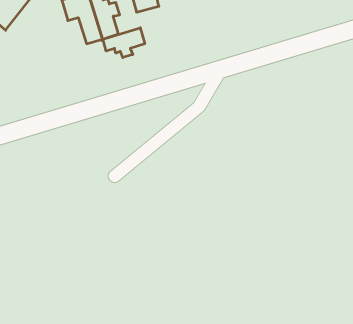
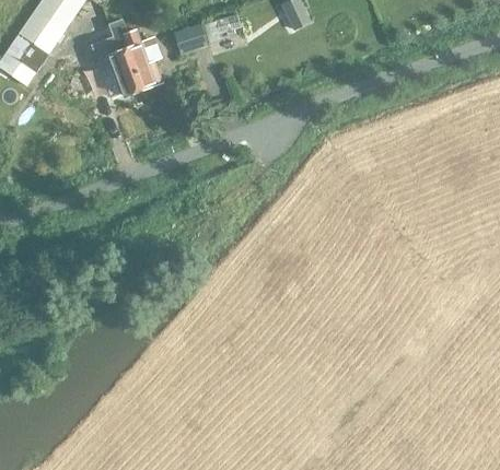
building: [102,28,145,58] -> none

